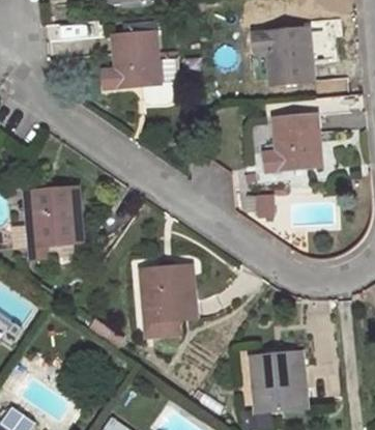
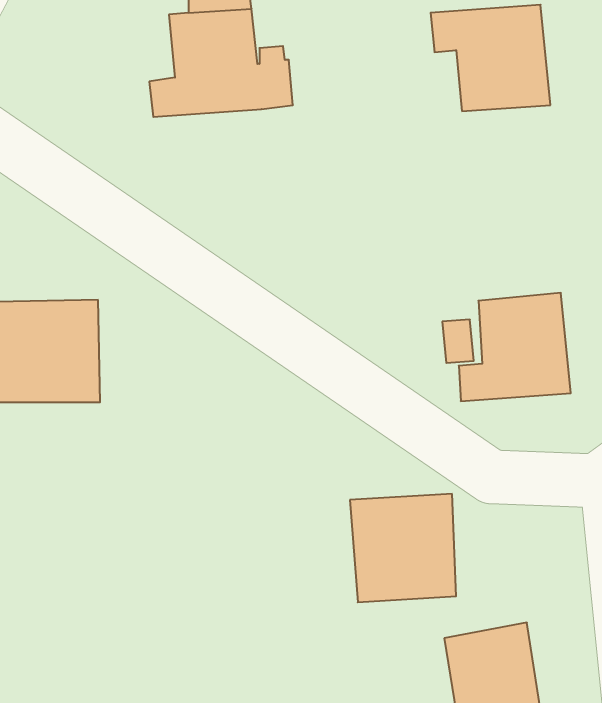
building: [263,113,322,170] -> [459,293,571,401]
building: [141,264,197,321] -> [350,494,456,602]

